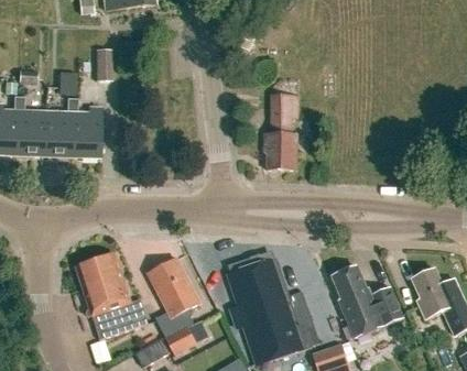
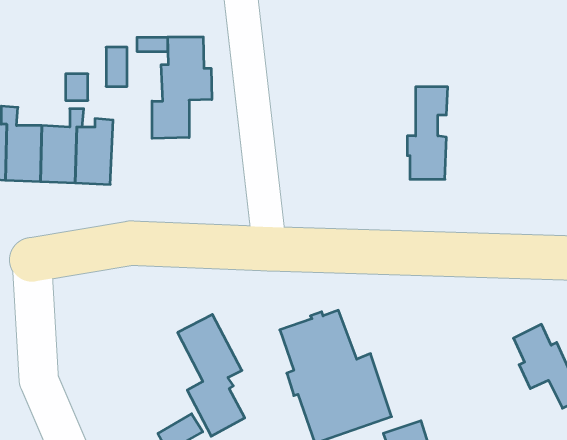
building: none -> [152,37,212,138]
building: [264,95,296,167] -> [407,87,448,179]
building: [78,254,149,338] -> none
building: [335,264,403,335] -> none

